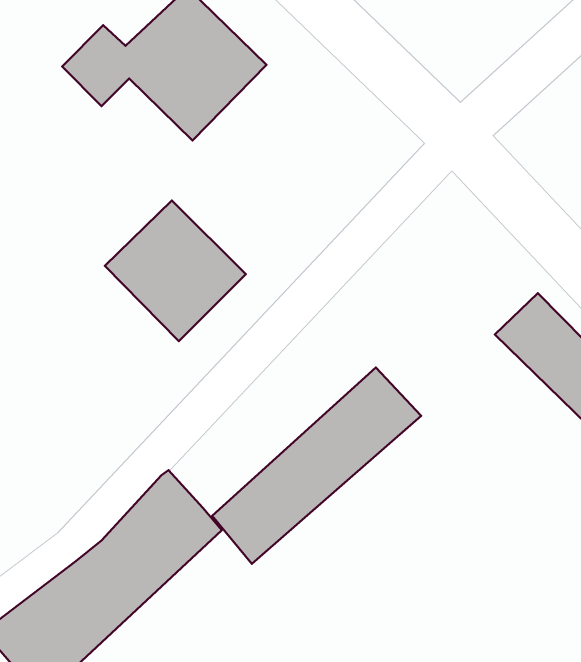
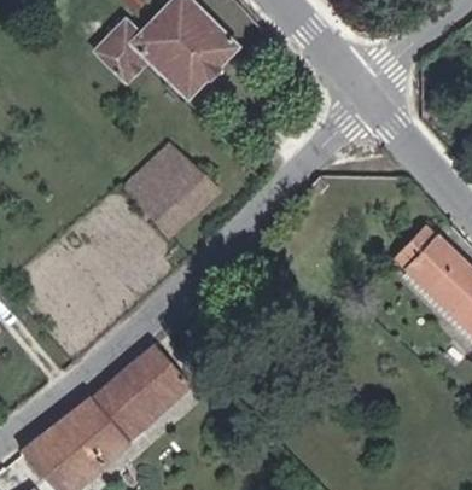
building: [212,367,421,564] -> none

